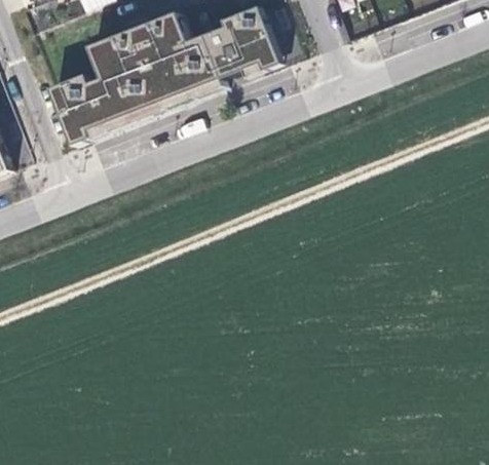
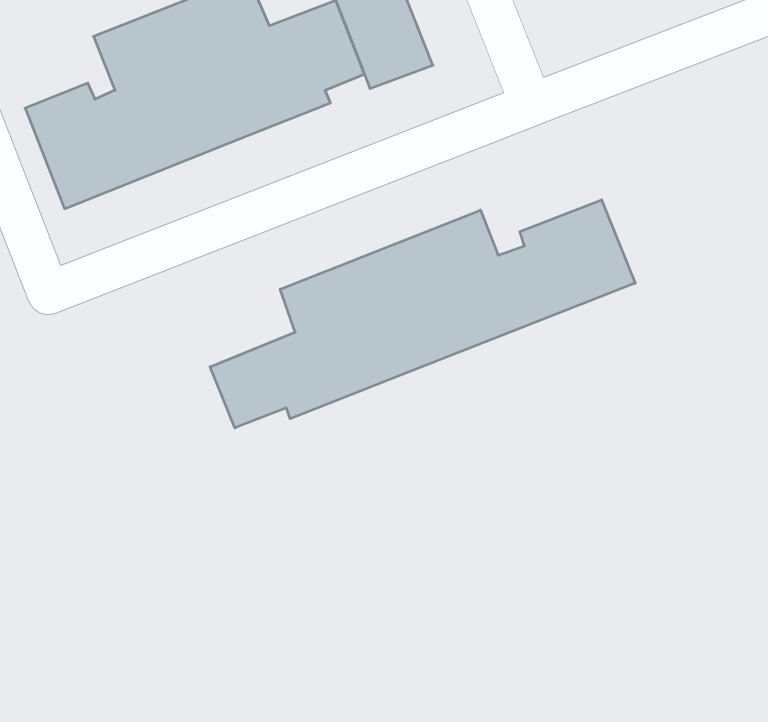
building: none -> [210,200,635,428]

